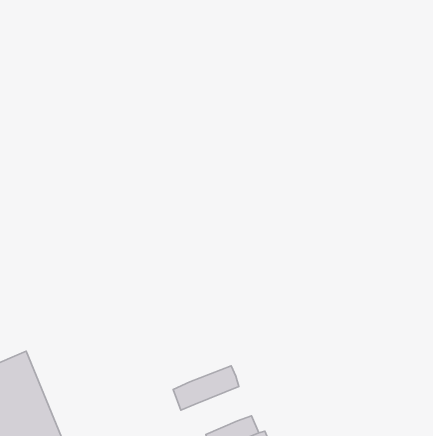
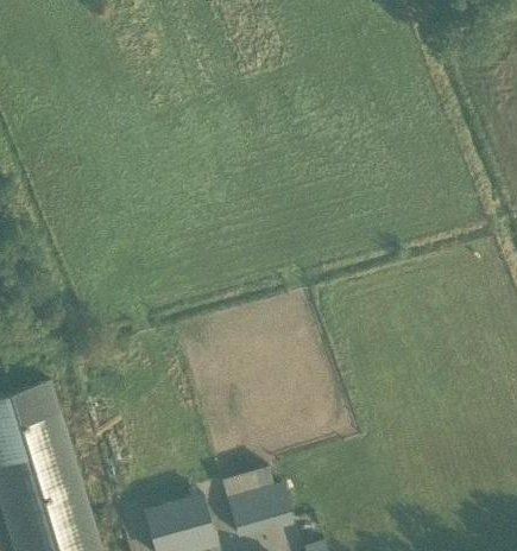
building: [173,366,239,410] -> none

